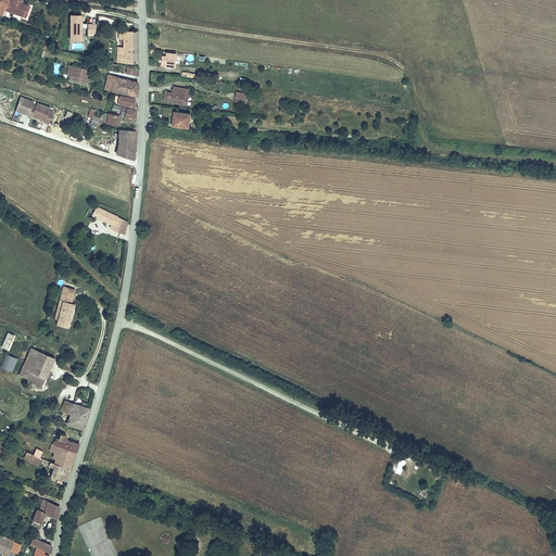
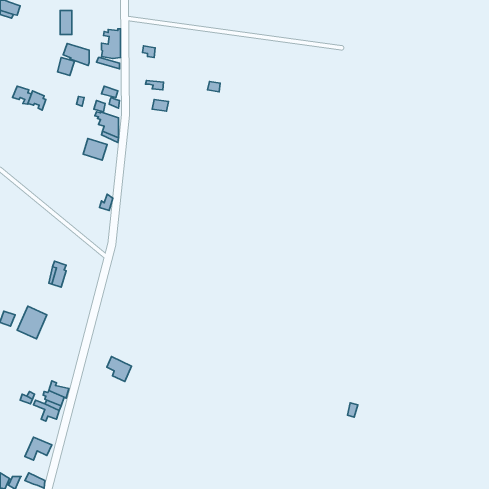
building: [106,76,136,101] -> [63,43,89,65]
building: none -> [83,139,107,160]
building: [59,401,87,429] -> [107,357,132,381]

